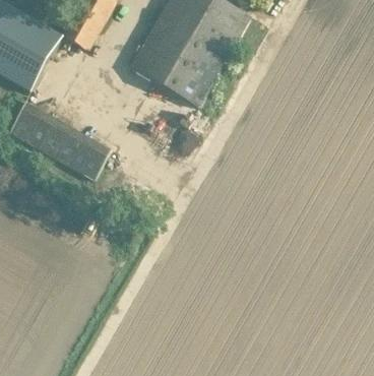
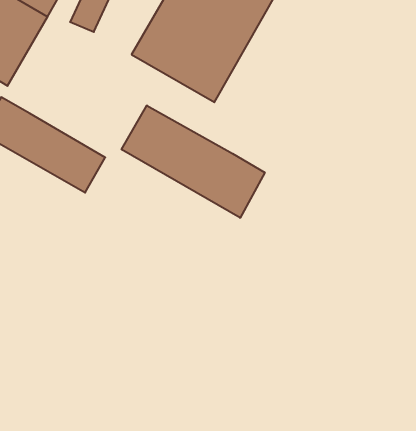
building: none -> [122,105,265,218]

